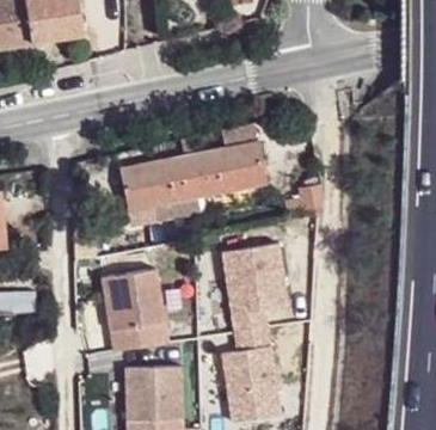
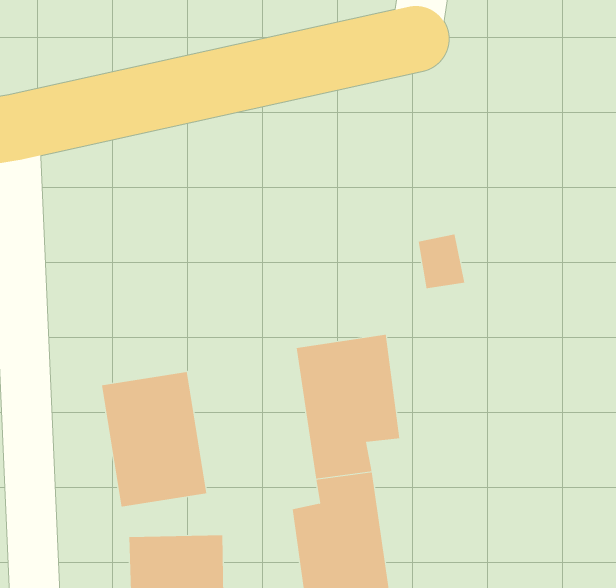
building: [119,141,265,225] -> none

